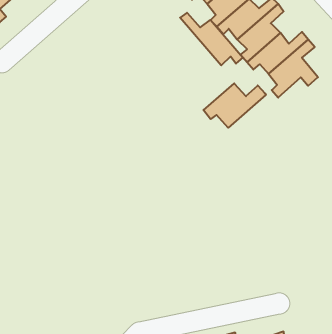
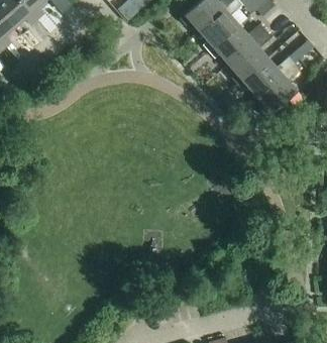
building: [180,13,243,65] -> none
building: [203,83,266,128] -> none

